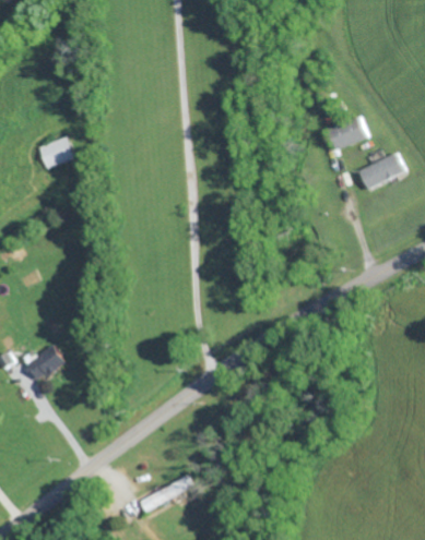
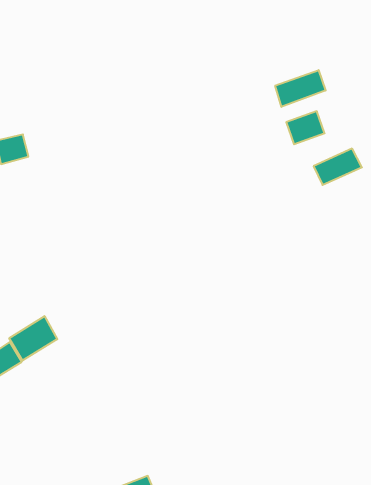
building: none -> [275,70,326,107]
building: none -> [9,316,57,361]

